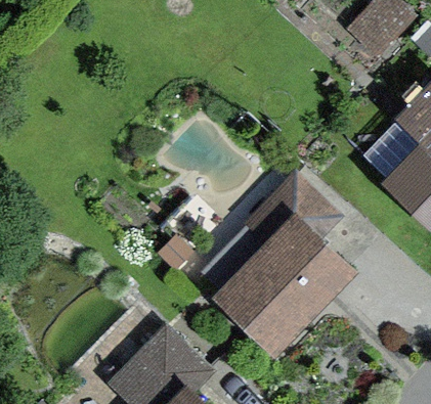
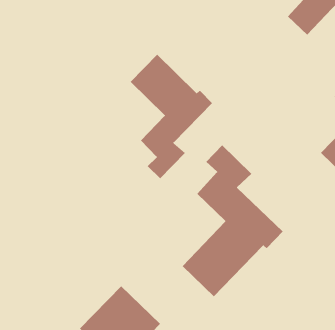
building: none -> [130,54,213,179]

